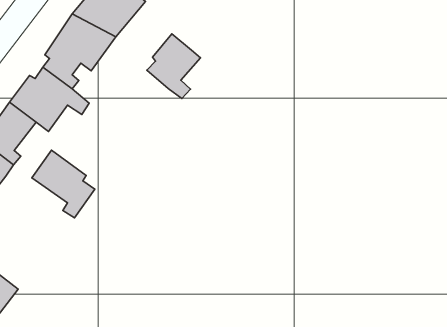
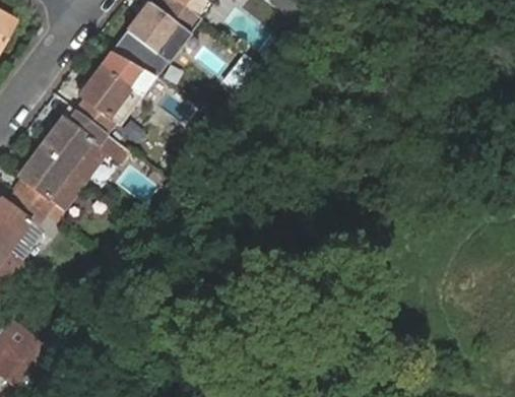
building: [147,34,201,99] -> none
building: [32,150,95,218] -> none

